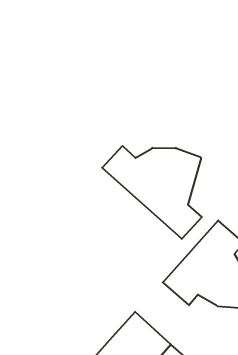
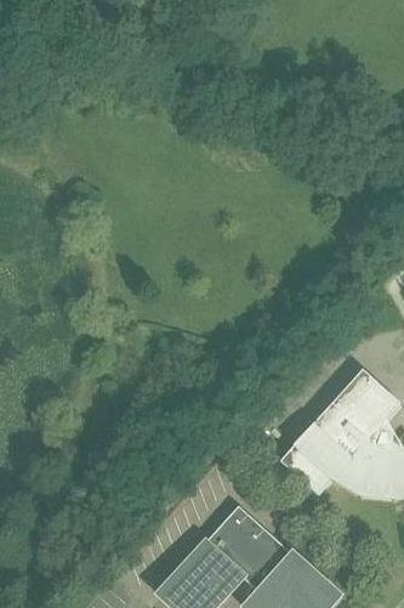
building: [102,146,202,239] -> none

